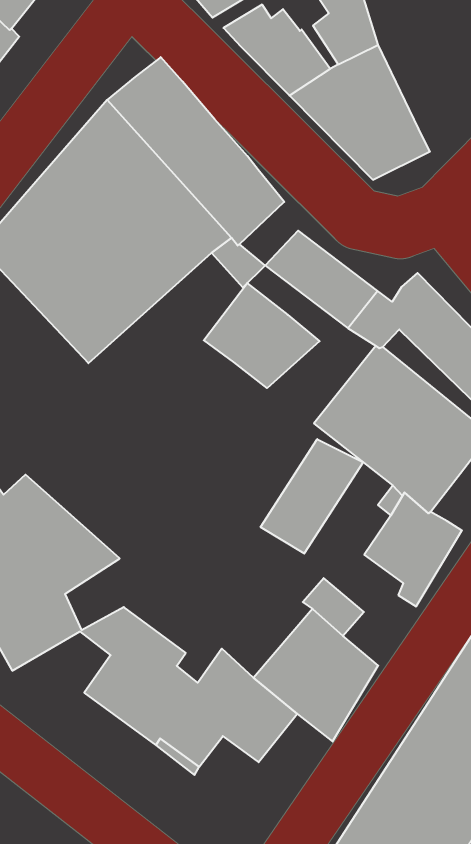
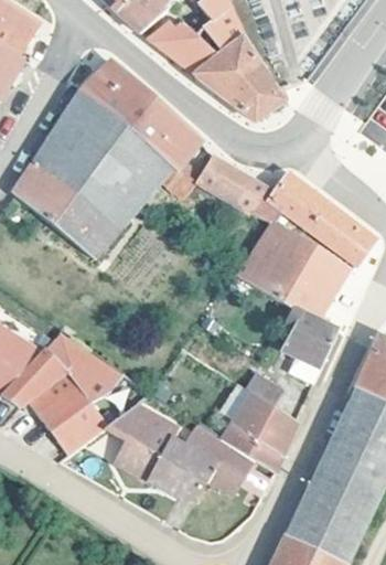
building: [204,283,320,388] -> none
building: [261,439,363,554] -> none

